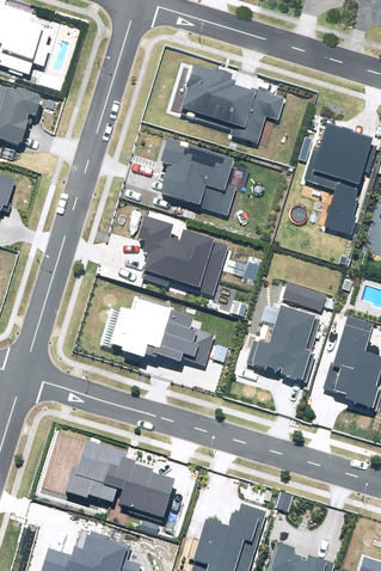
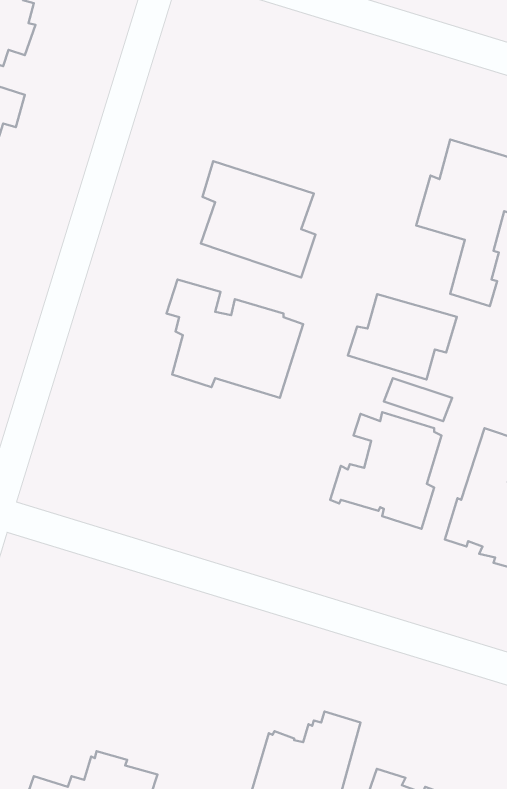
building: [178,63,284,143] -> none
building: none -> [348,294,457,379]
building: [110,295,214,366] -> none
building: [63,440,174,522] -> none

